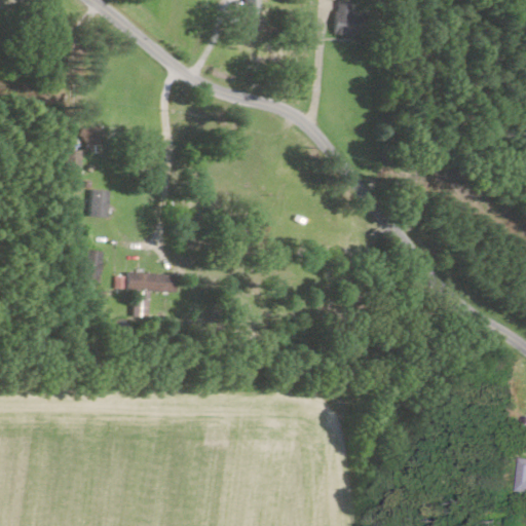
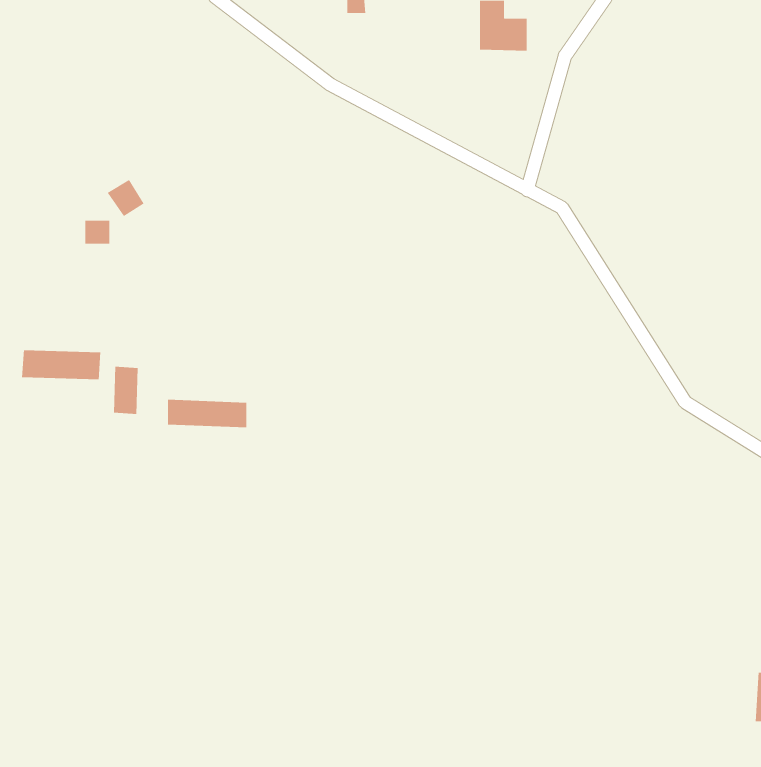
building: [88,188,110,217] -> none
building: none -> [22,349,101,380]

